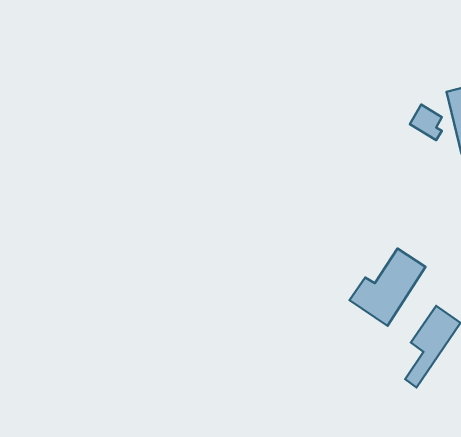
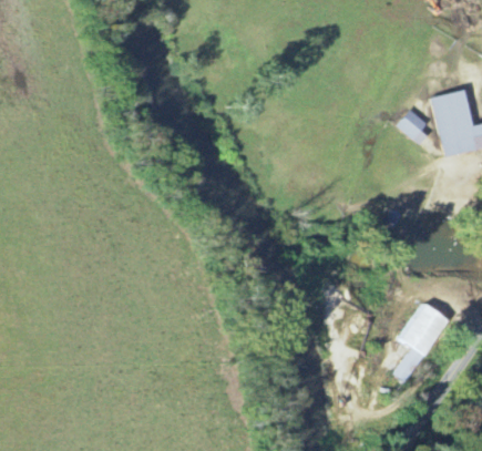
building: [350,248,425,326] -> none

